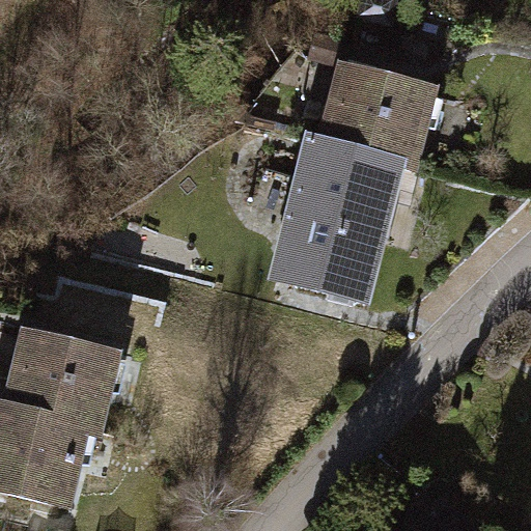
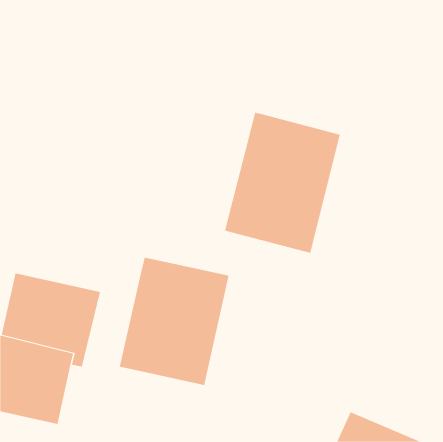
building: [316,59,439,177] -> none
building: none -> [119,257,229,386]

